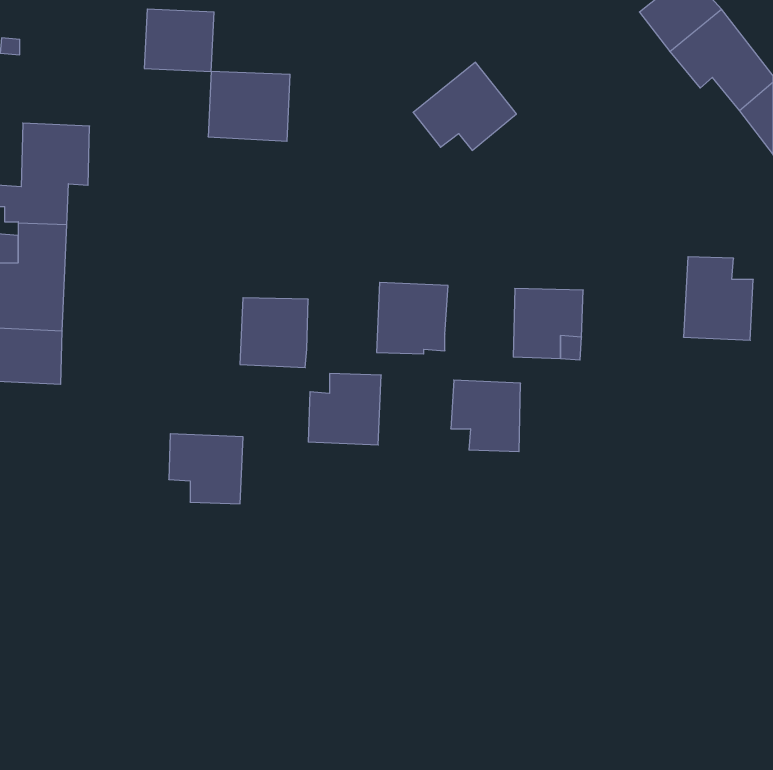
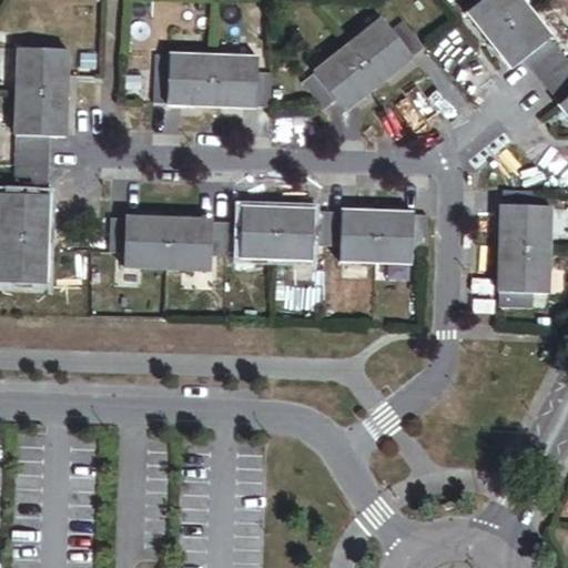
building: [144,9,214,71] -> [17,47,68,92]
building: none -> [347,18,424,83]
building: none -> [210,54,270,105]
building: none -> [497,246,548,307]
building: [308,374,381,445] -> [224,205,277,257]
building: [451,380,521,452] -> [325,209,376,261]
building: [169,434,243,504] -> [123,215,178,266]

